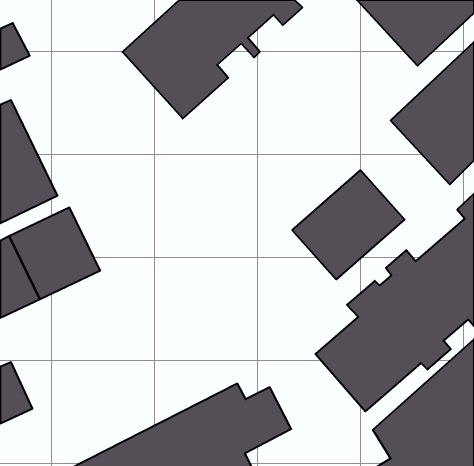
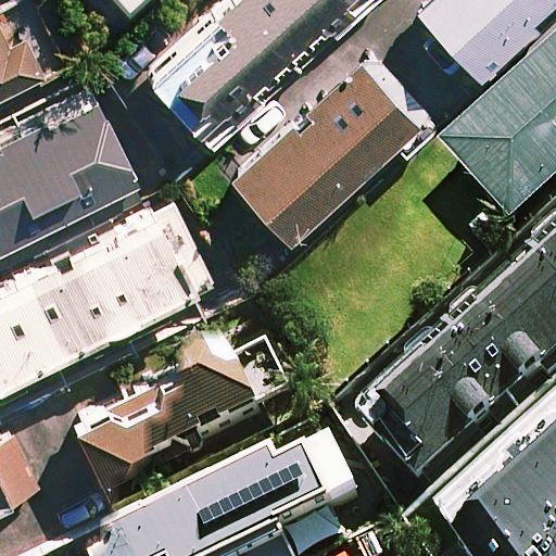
building: none -> [230,53,427,242]
building: none -> [13,92,137,238]
building: [292,170,405,279] -> none
building: none -> [81,218,187,326]
building: none -> [73,345,296,494]

